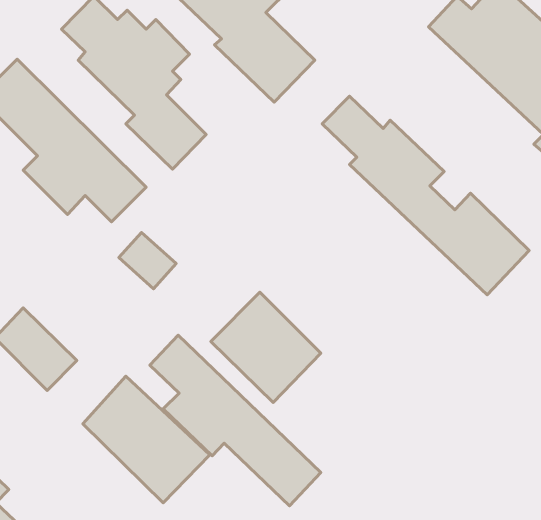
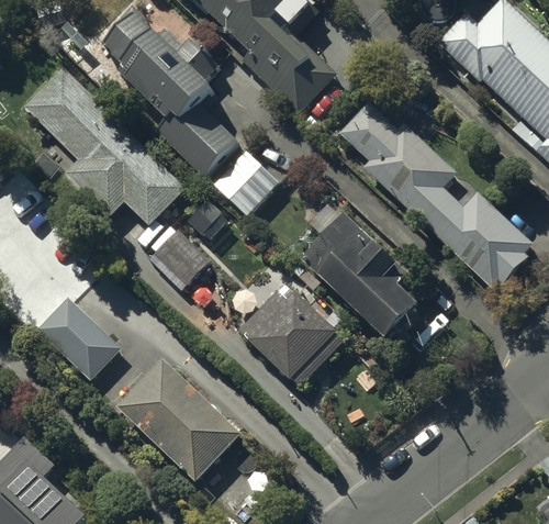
building: none -> [215,153,277,213]
building: none -> [303,220,415,341]
building: [150,335,321,506] -> none

